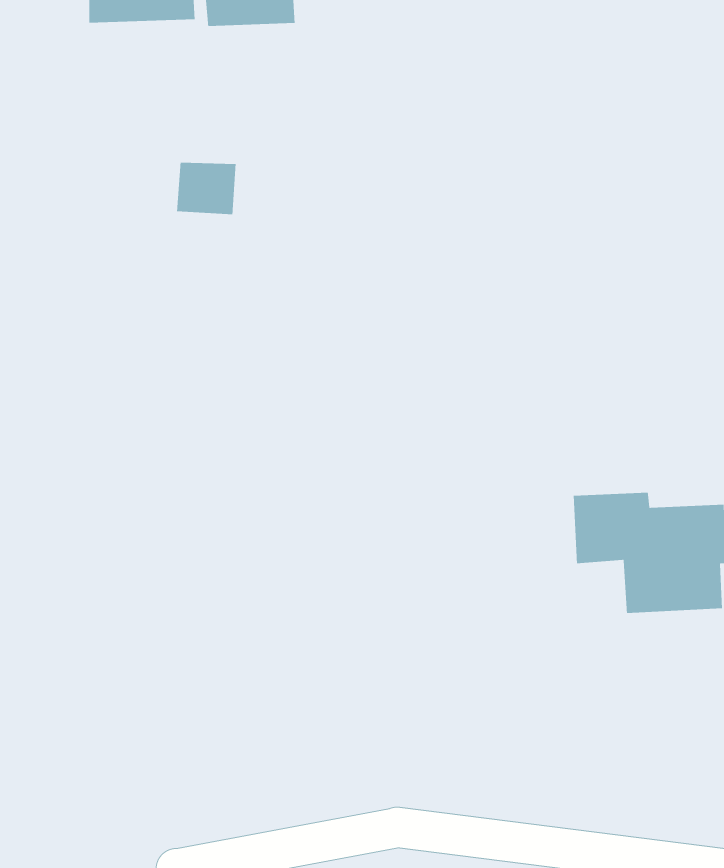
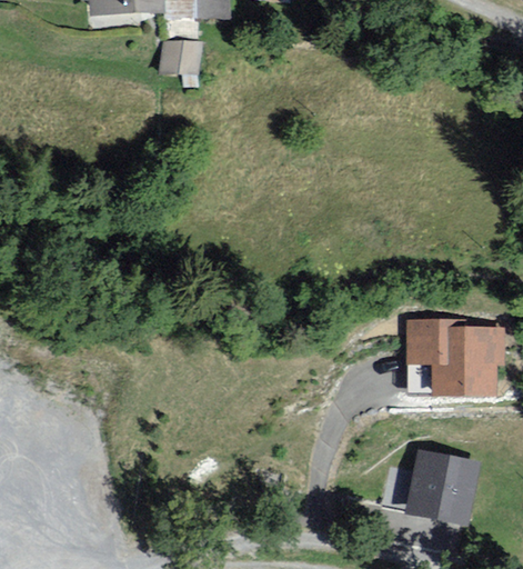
building: [176,162,237,215] -> [160,41,199,76]
building: none -> [409,451,471,523]

